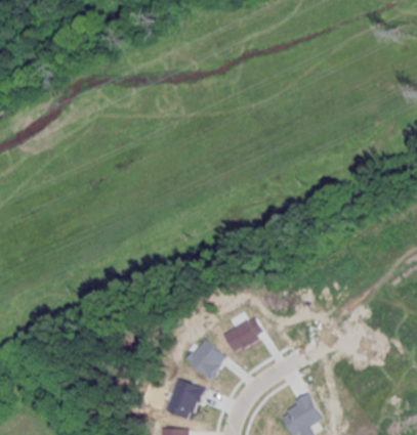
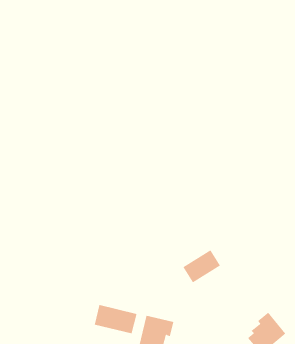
building: [186,340,226,379] -> none
building: none -> [94,304,137,334]

